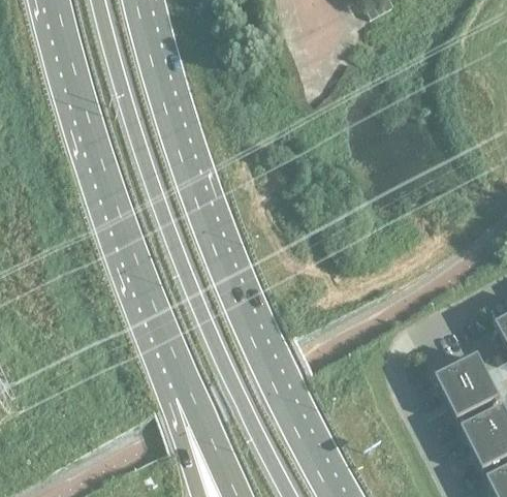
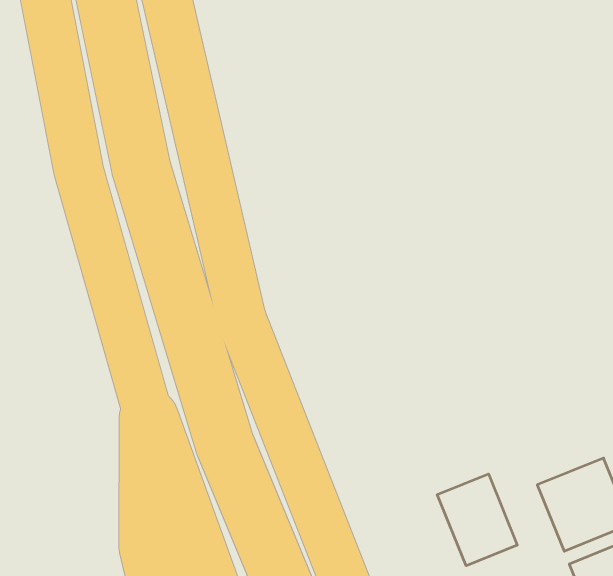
building: none -> [437,474,517,566]

